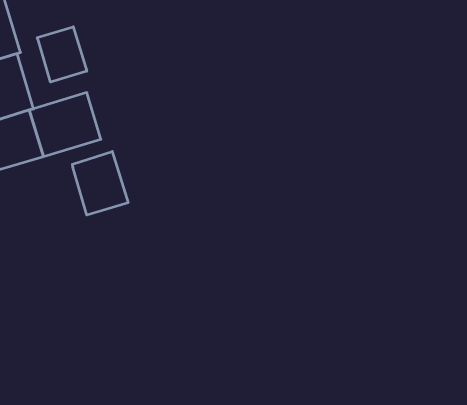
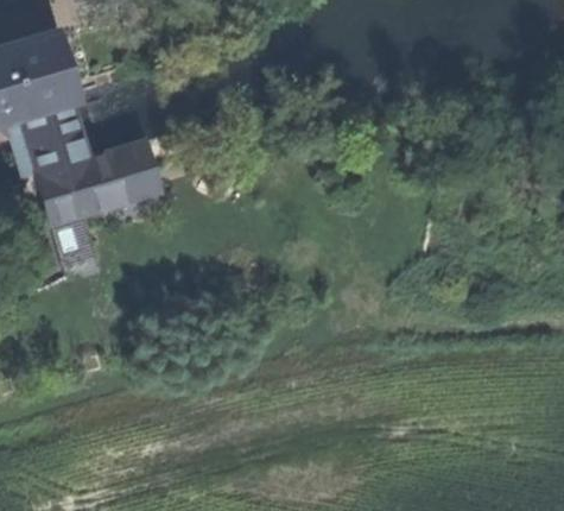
building: [37,27,87,82] -> none
building: [72,151,128,215] -> none

